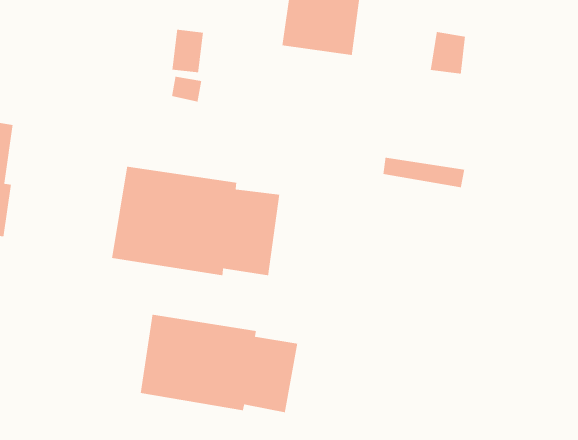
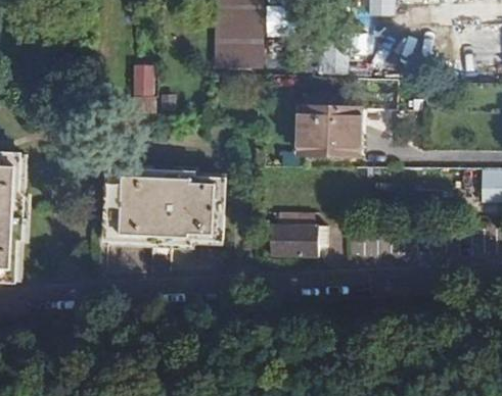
building: none -> [298,107,359,142]
building: none -> [271,225,325,256]
building: [140,314,298,413] -> none

